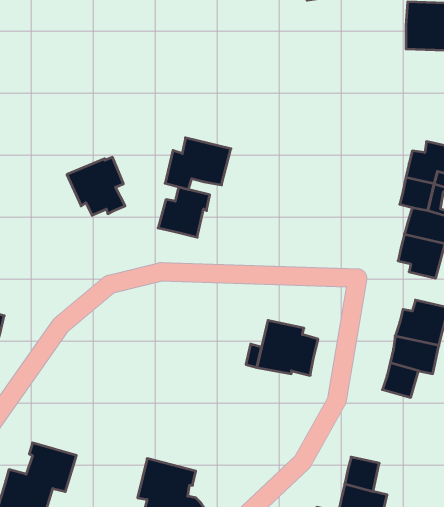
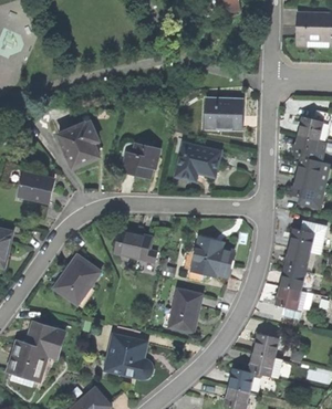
building: none -> [205,97,242,129]
building: [165,138,231,190] -> [175,143,221,179]
building: none -> [19,174,54,203]
building: none -> [116,231,159,263]
building: none -> [56,256,101,304]
building: none -> [276,285,307,318]
building: none -> [164,289,201,332]

